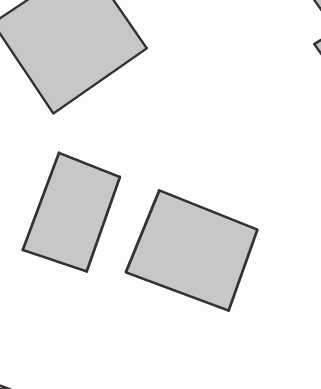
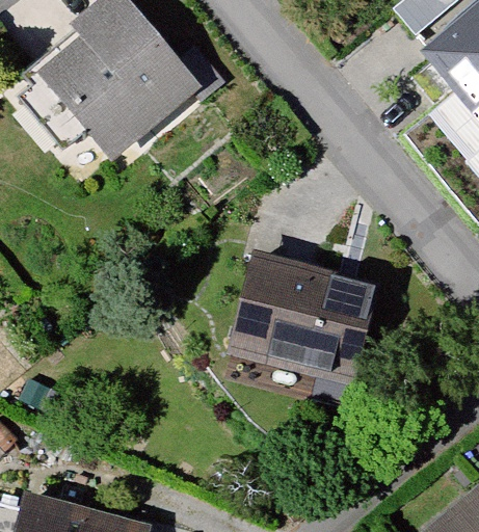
building: [23,153,120,272] -> none

